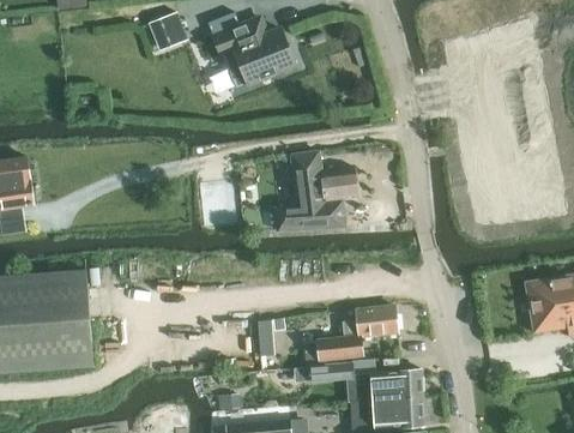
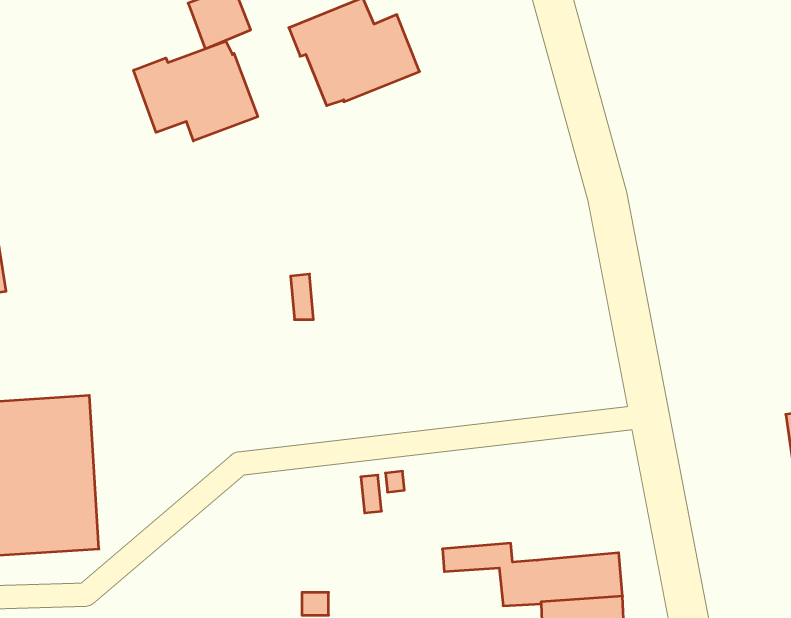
building: none -> [134,41,258,141]
building: [273,151,359,233] -> none
building: [315,306,397,361] -> none

